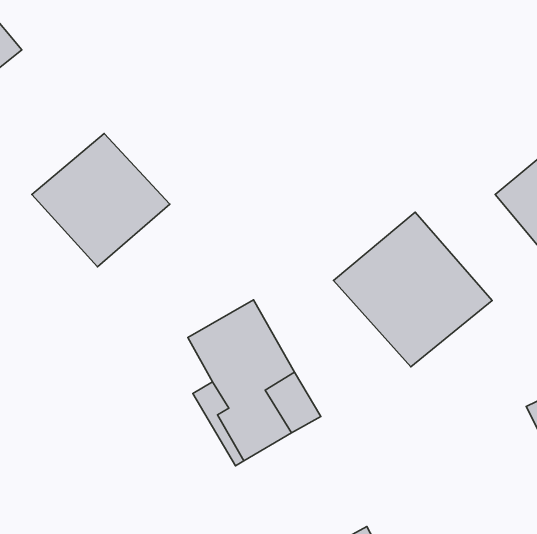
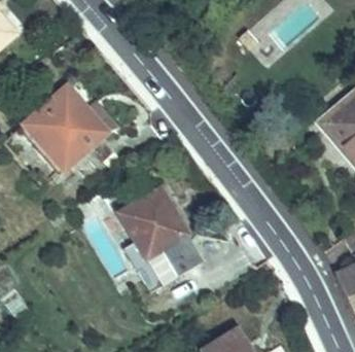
building: [334,212,492,367] -> none

